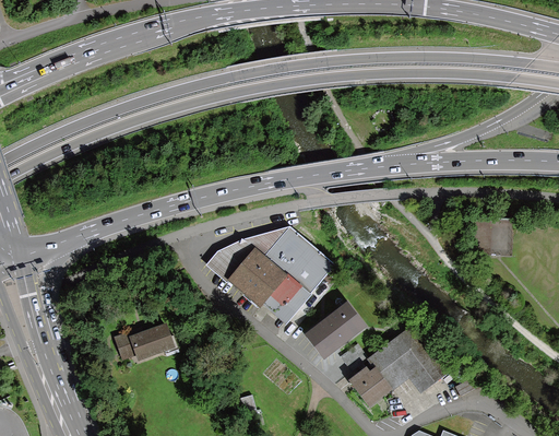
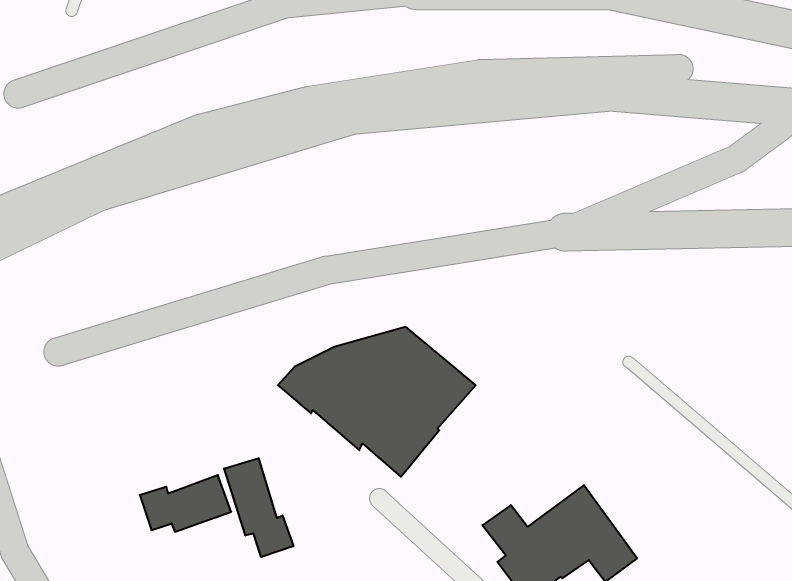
building: [305,303,367,360] -> none
building: none -> [224,458,293,557]

